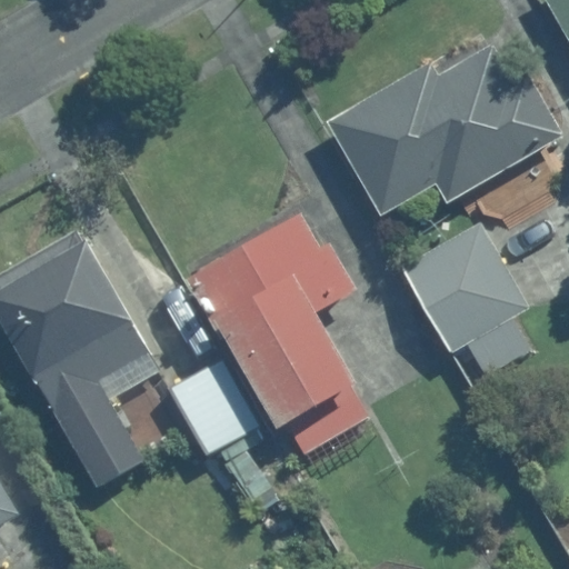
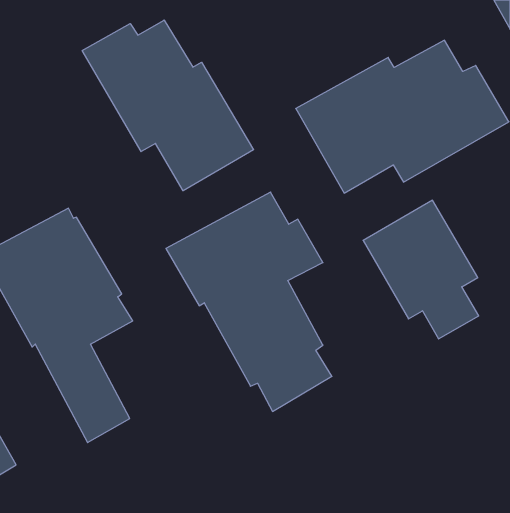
building: none -> [82,20,254,191]
building: [171,360,257,455] -> none

